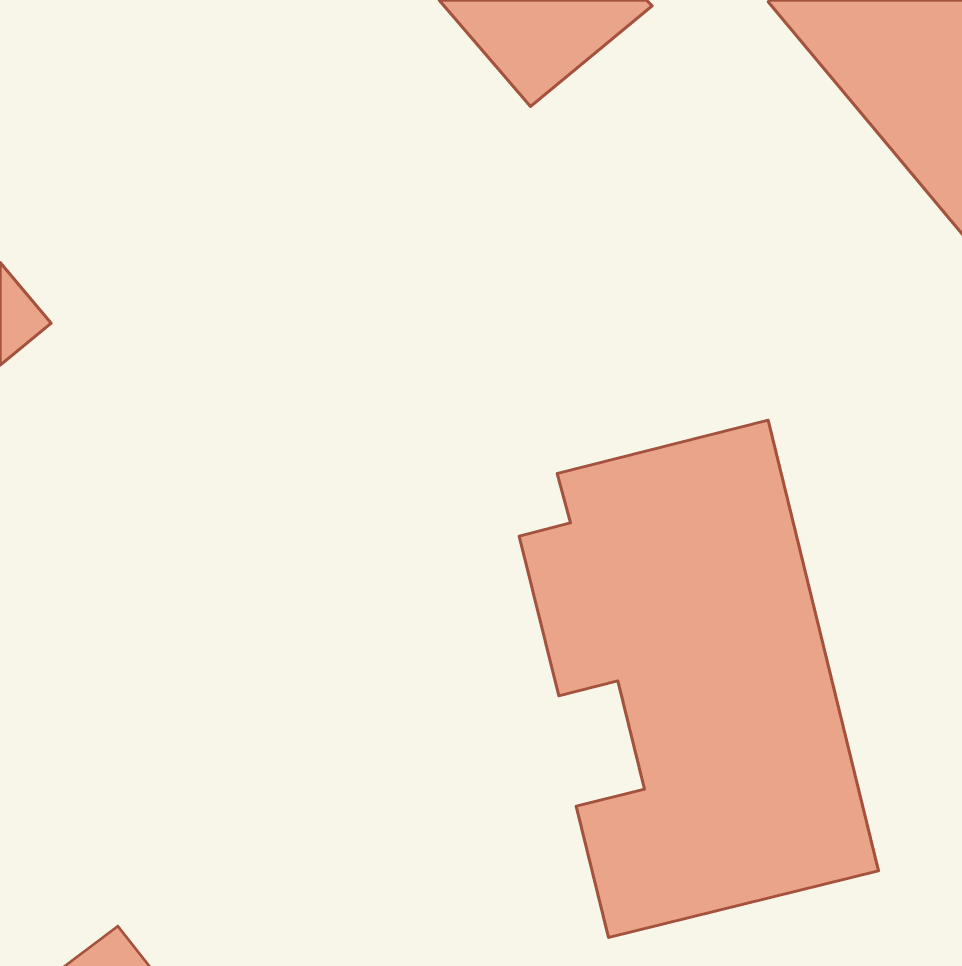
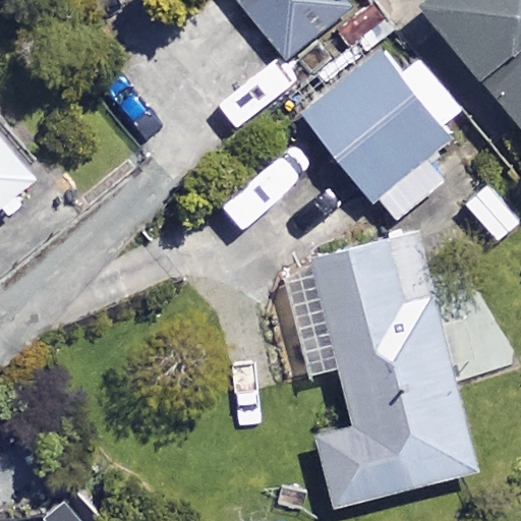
building: none -> [306,53,471,222]

